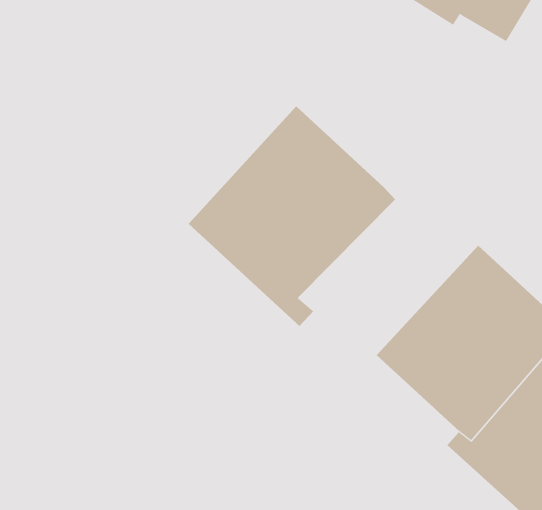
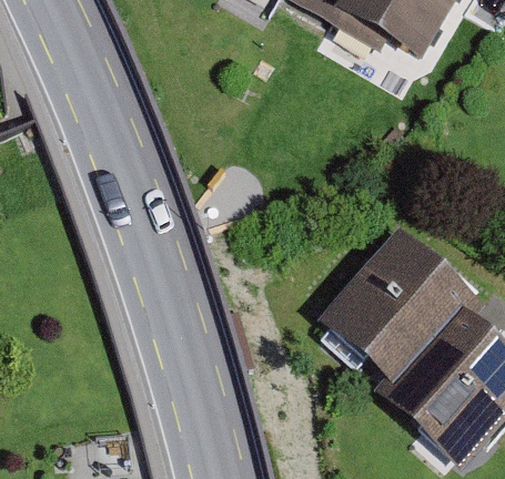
building: [188,106,396,327] -> none

